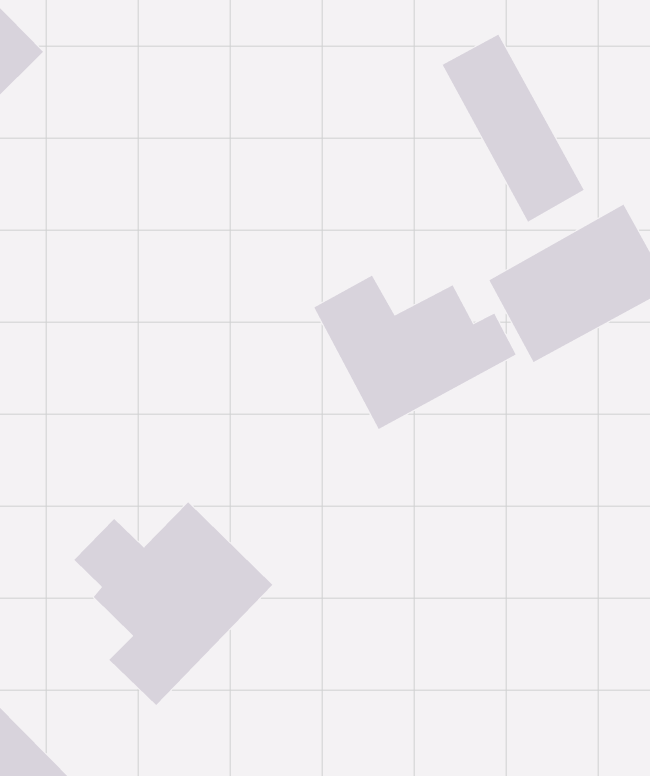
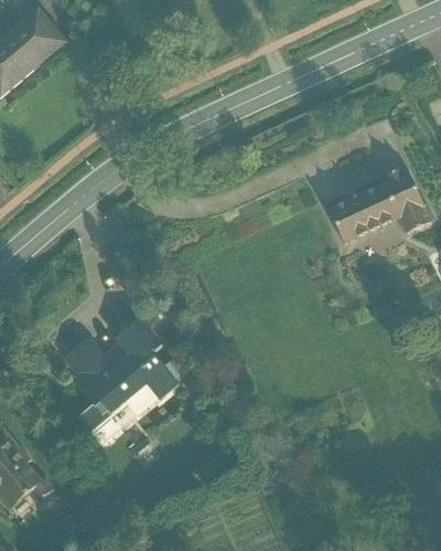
building: [442,34,585,223] -> none
building: [314,275,517,430] -> none

